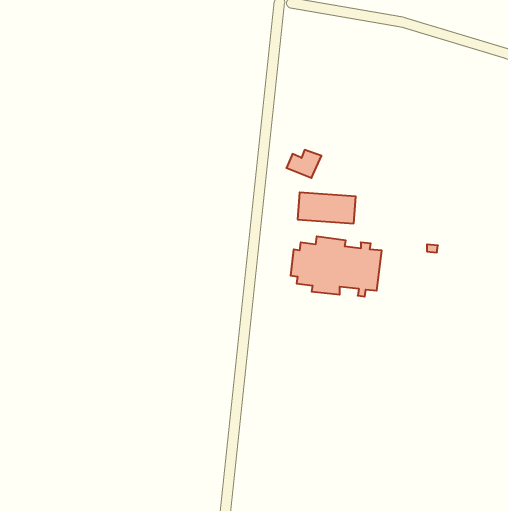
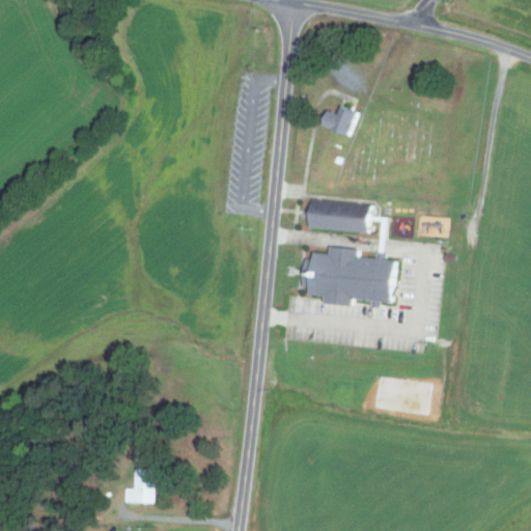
building: [286,150,322,178] -> [320,106,357,135]
building: none -> [123,470,156,505]

